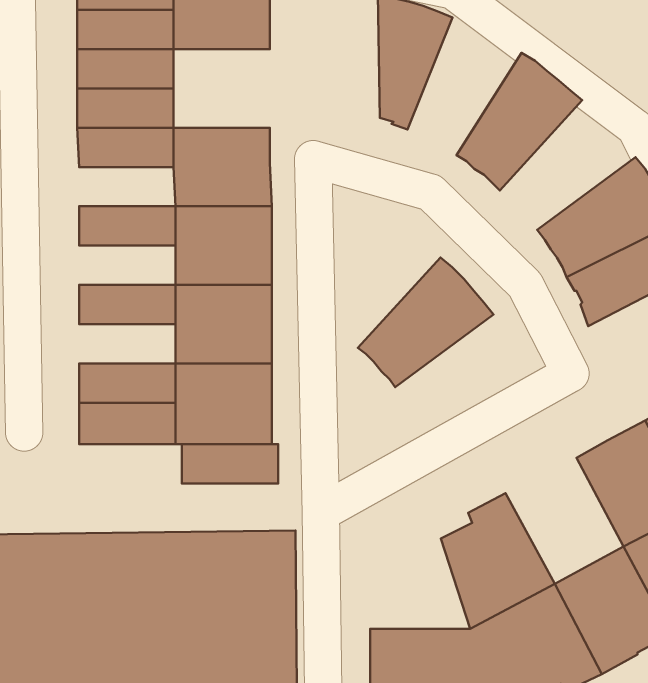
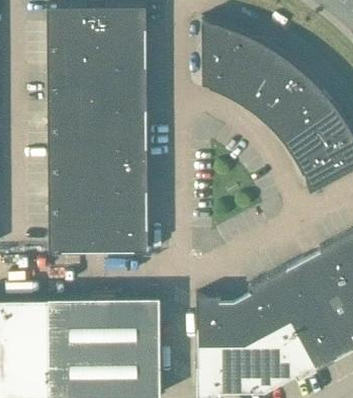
building: none -> [216,33,275,104]
building: none -> [96,50,146,90]
building: none -> [48,110,97,131]
building: none -> [48,151,97,171]
building: [358,257,494,387] -> [264,76,334,143]
building: [182,444,278,483] -> [48,191,97,212]
building: none -> [267,260,328,325]
building: none -> [196,298,249,348]

